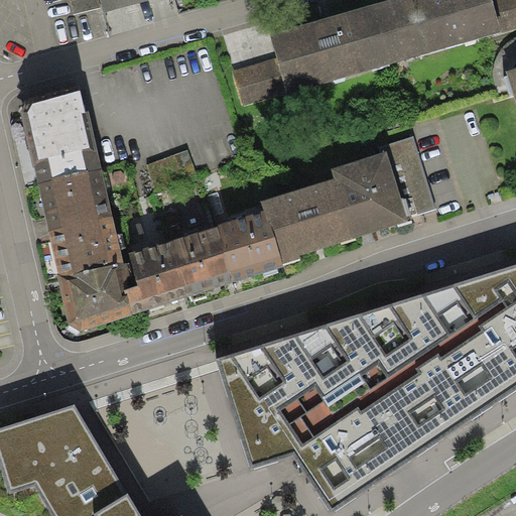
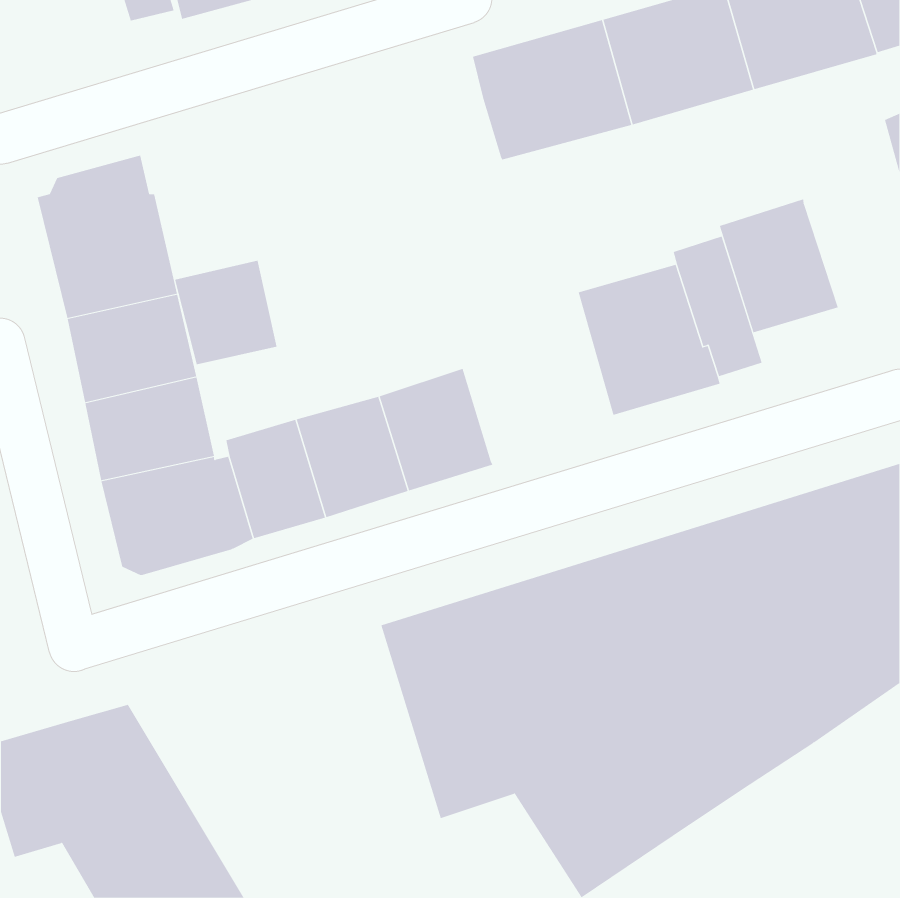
building: [235,56,286,103] -> none
building: none -> [719,199,839,333]
building: none -> [174,260,277,365]
building: [261,177,351,264] -> none

